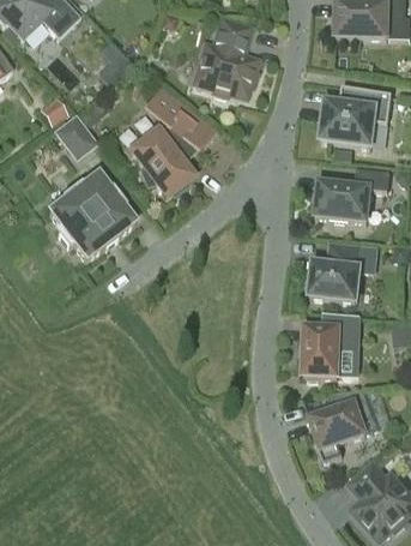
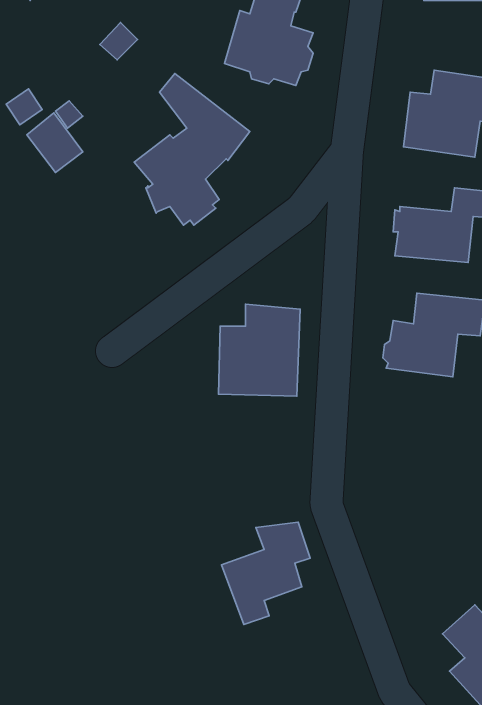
building: [49,172,135,258] -> none
building: [303,311,361,376] -> [218,304,300,396]
building: [309,388,371,460] -> [222,522,310,624]

